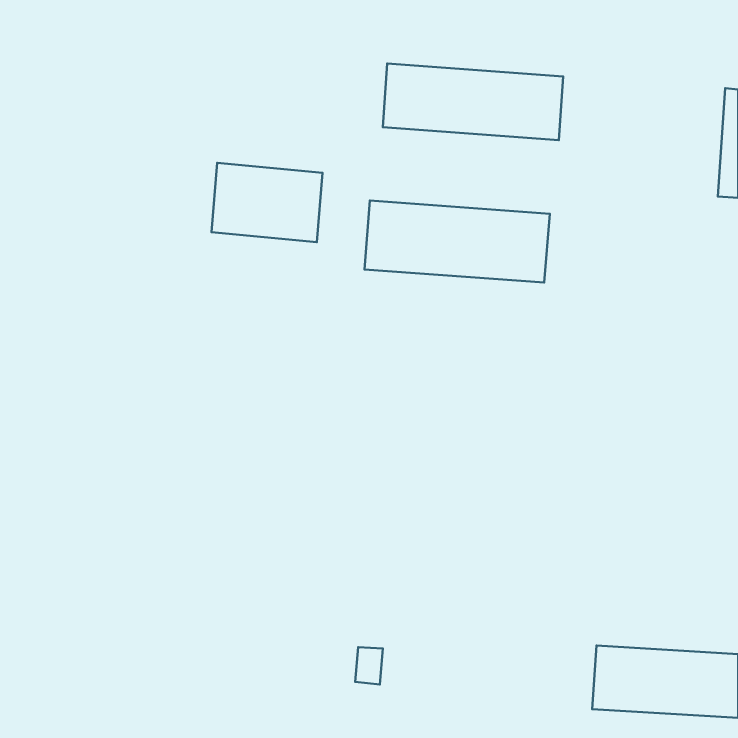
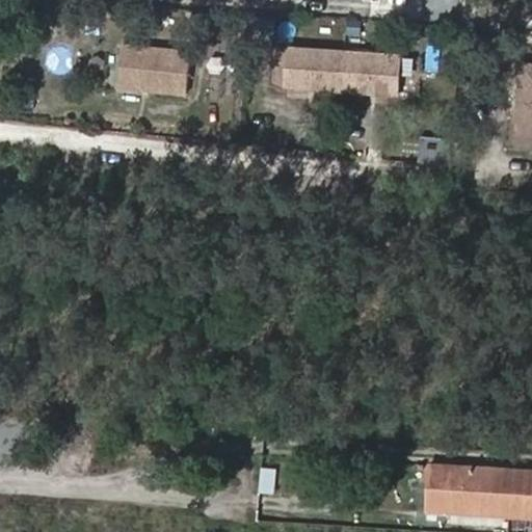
building: [211,163,323,242] -> [113,41,193,98]
building: [365,201,550,283] -> none

